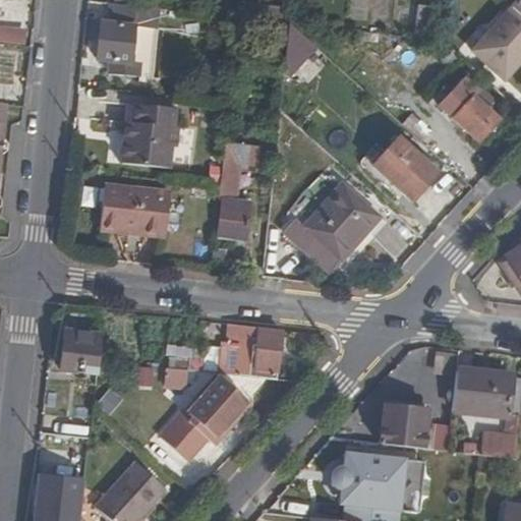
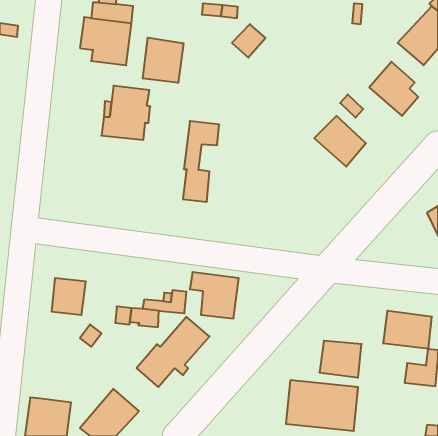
building: none -> [143,38,184,83]
building: [285,180,379,258] -> none
building: [102,187,171,233] -> none

